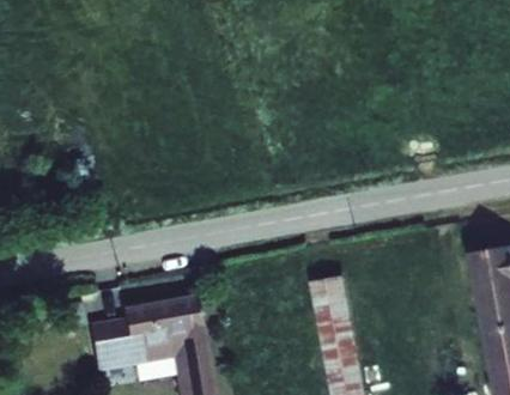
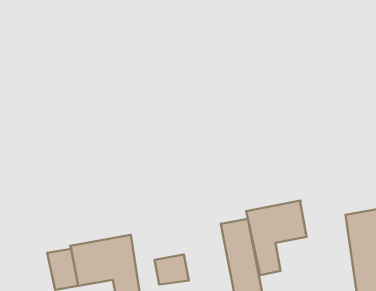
building: none -> [246,201,307,275]
building: none -> [155,254,189,285]

